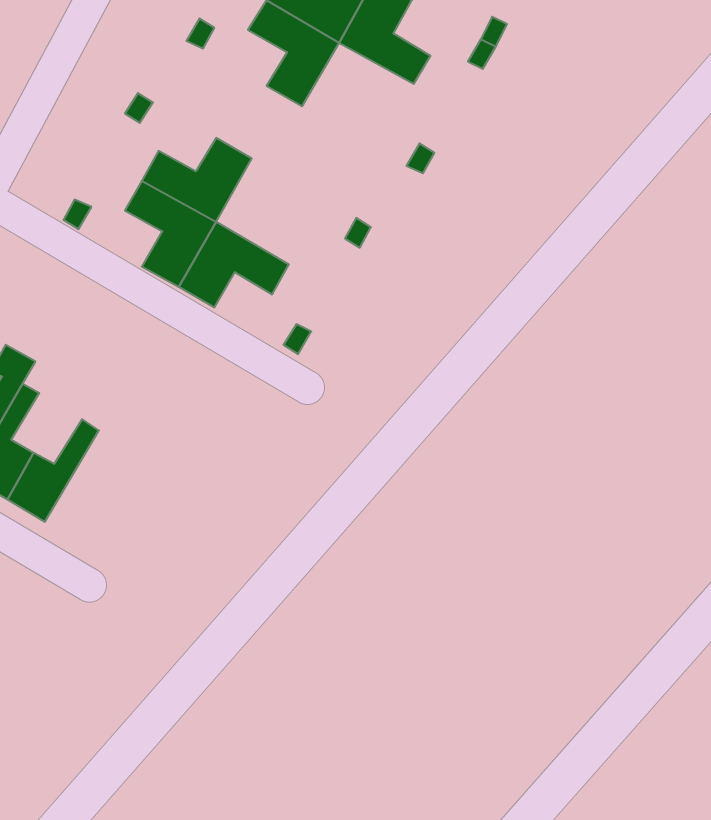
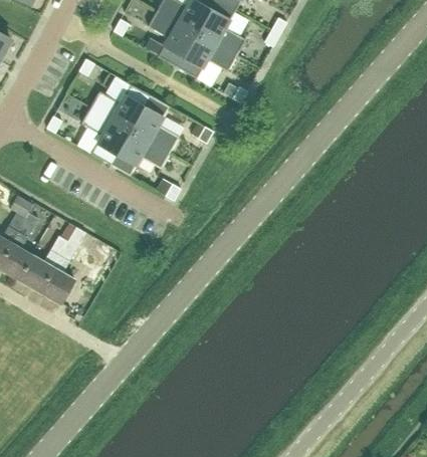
building: none -> [176,33,236,78]
building: none -> [130,95,178,153]
building: none -> [37,229,83,304]

